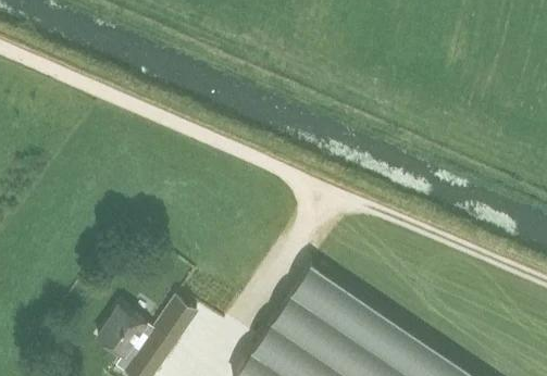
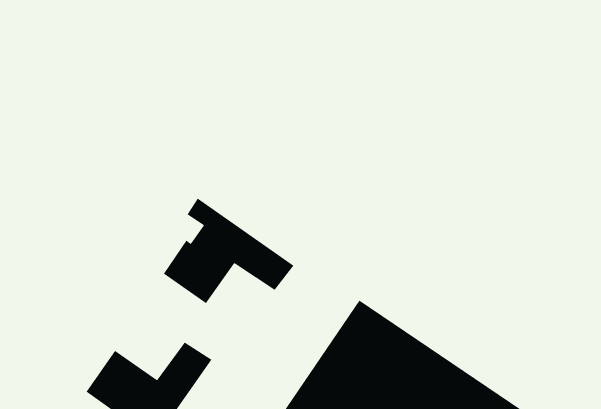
building: none -> [163,197,294,304]

